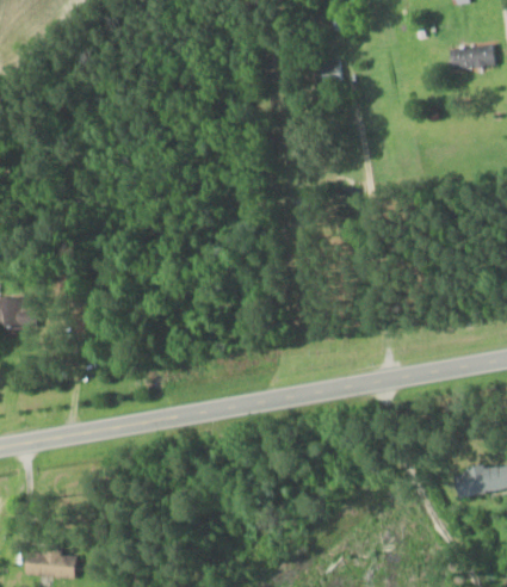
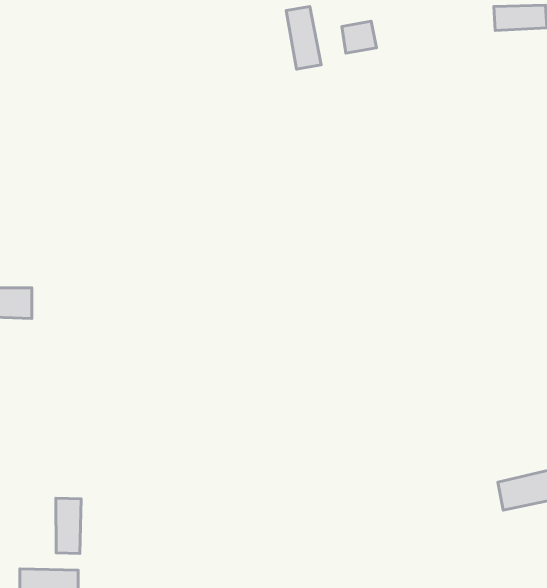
building: none -> [286,7,321,69]
building: none -> [56,498,81,553]

